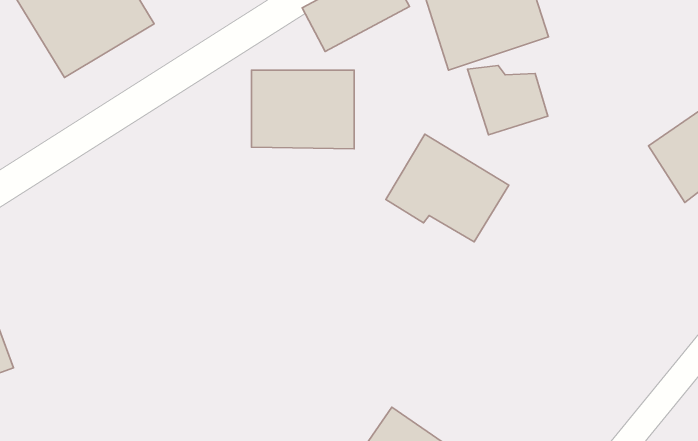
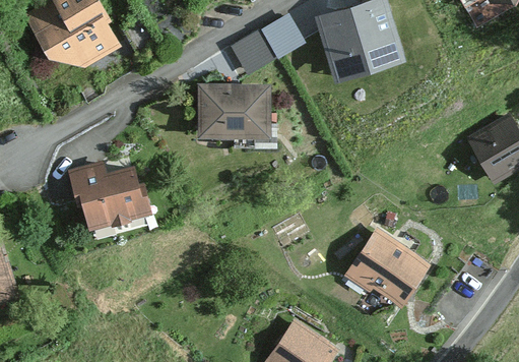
building: [467,65,548,135] -> none
building: [386,134,509,242] -> [354,225,441,300]
building: none -> [69,163,167,251]

